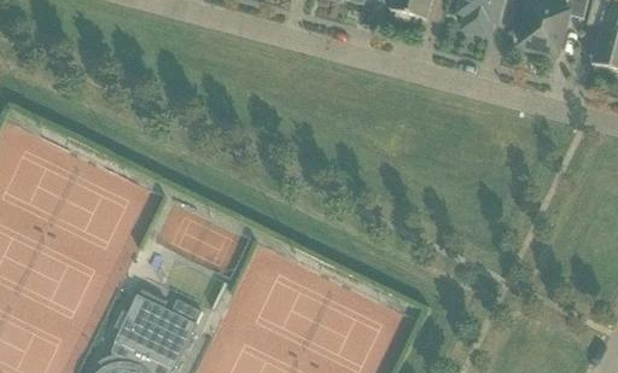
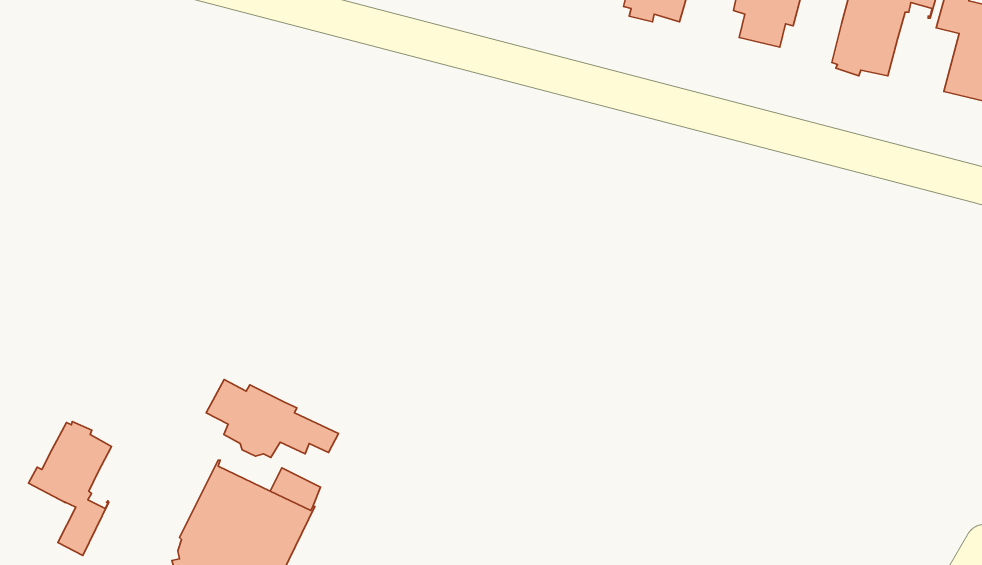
building: none -> [206,380,339,458]
building: none -> [28,421,111,555]

